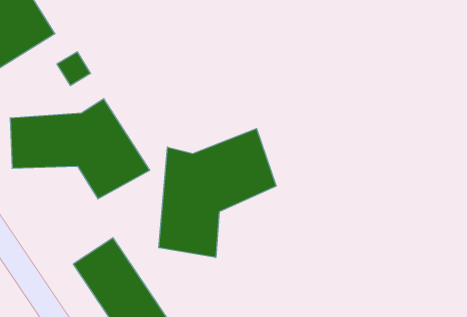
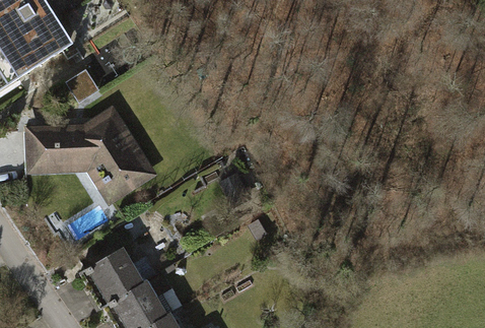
building: [159,129,276,258] -> none

